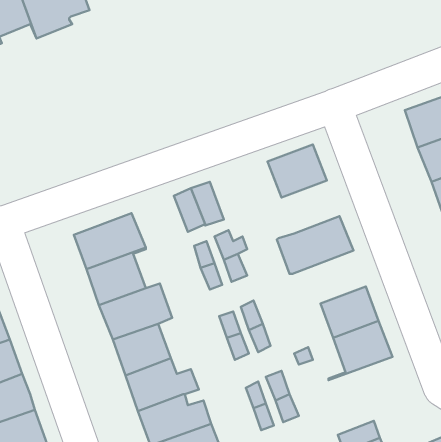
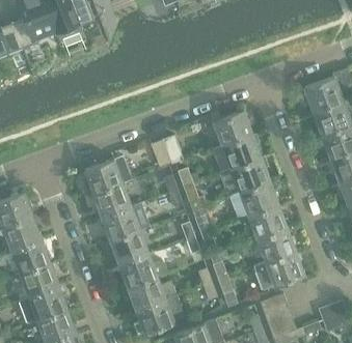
building: none -> [212,135,261,173]
building: none -> [229,181,278,219]
building: none -> [253,252,304,290]

